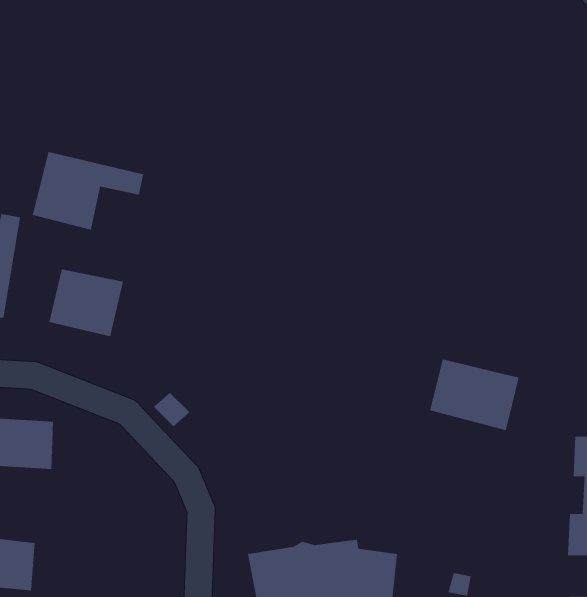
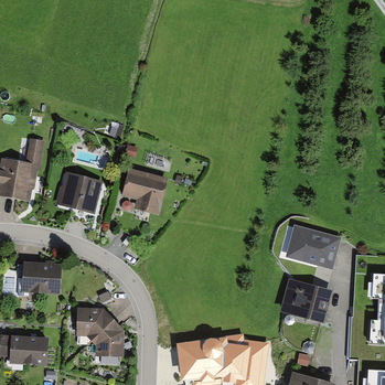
building: [32,151,144,230] -> none
building: none -> [120,168,167,215]
building: none -> [279,279,333,322]
building: none -> [76,308,124,356]

